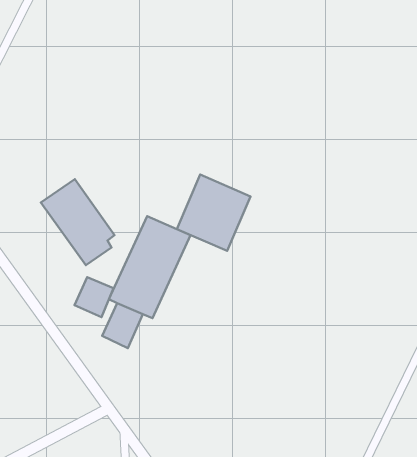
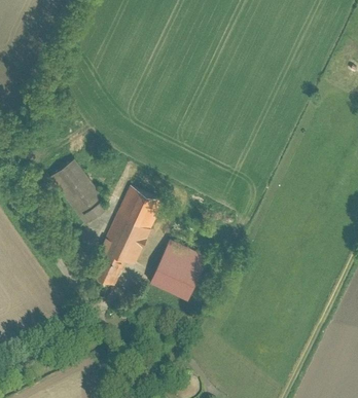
building: [177,175,250,251] -> [150,242,206,299]
building: [75,277,114,317] -> none

